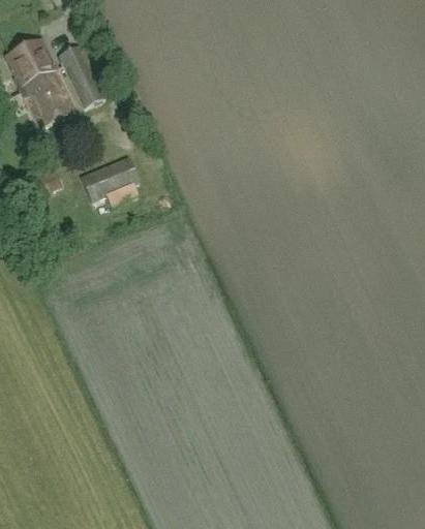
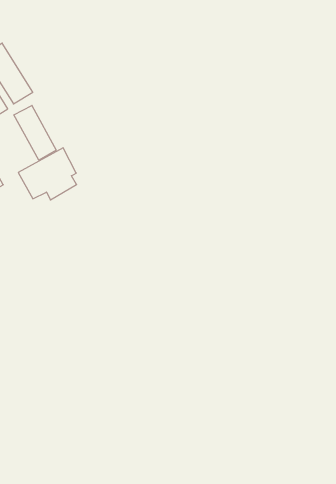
building: none -> [14,105,56,160]

